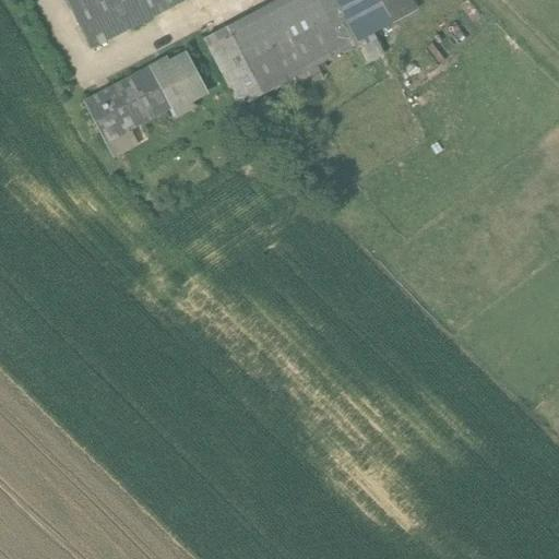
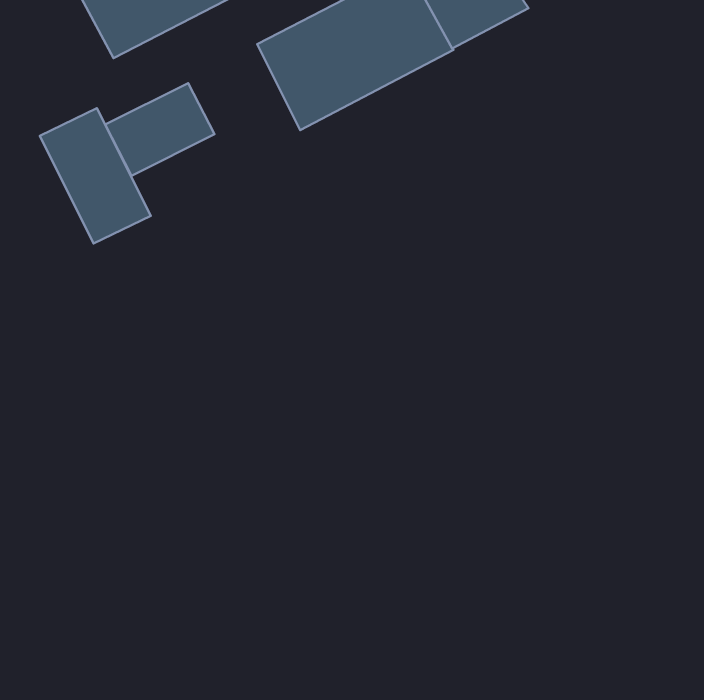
building: [151,50,210,114] -> none
building: none -> [40,108,151,244]

